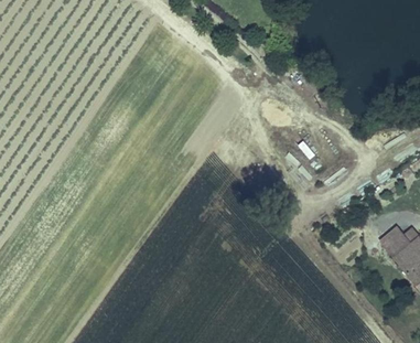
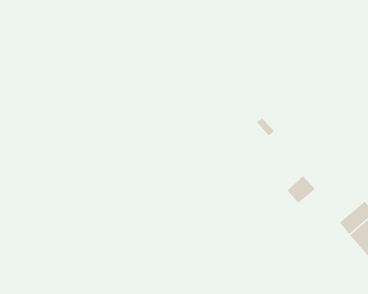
building: [376,224,407,254] -> [286,176,316,204]

